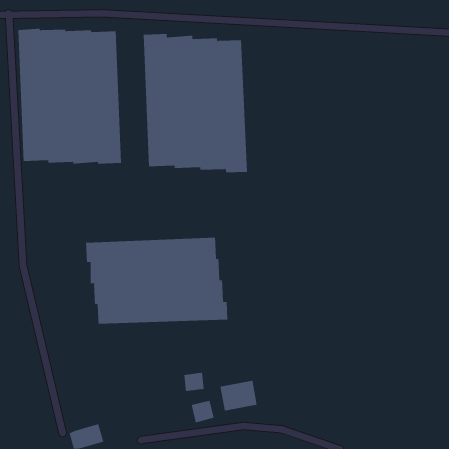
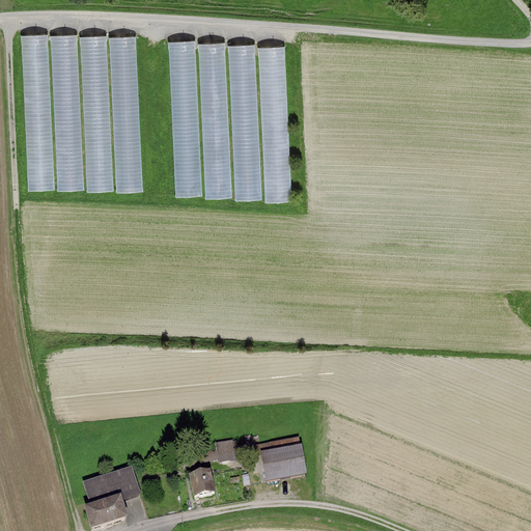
building: [86,237,228,325] -> none
building: none -> [81,468,139,506]
building: [191,400,215,423] -> [185,472,213,499]

